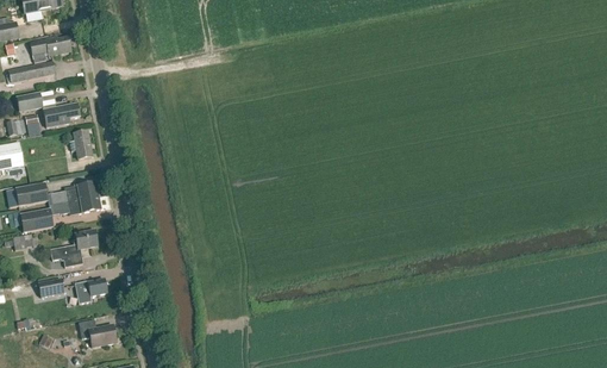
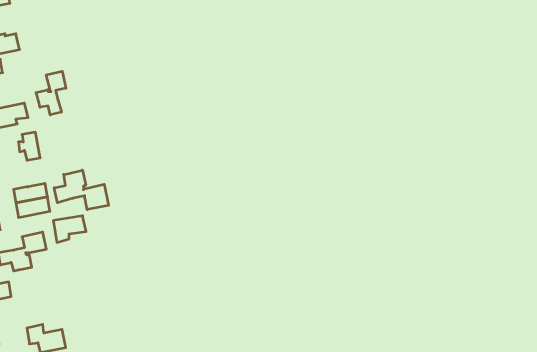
building: none -> [36,71,66,115]
building: none -> [54,170,109,210]
building: [75,277,107,304] -> [53,216,86,242]

